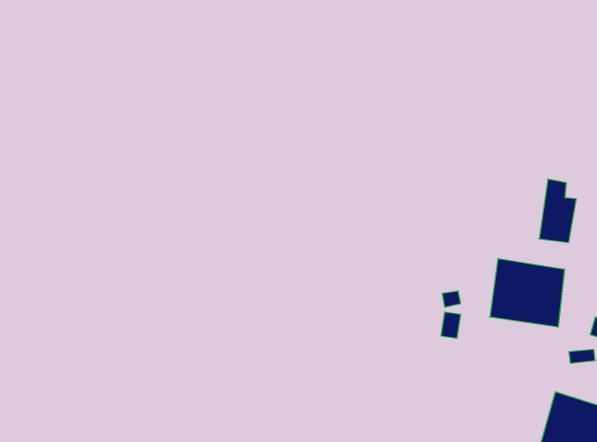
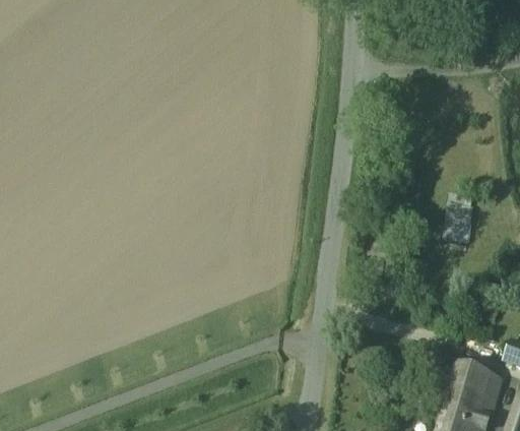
building: [490,258,565,327] -> none

